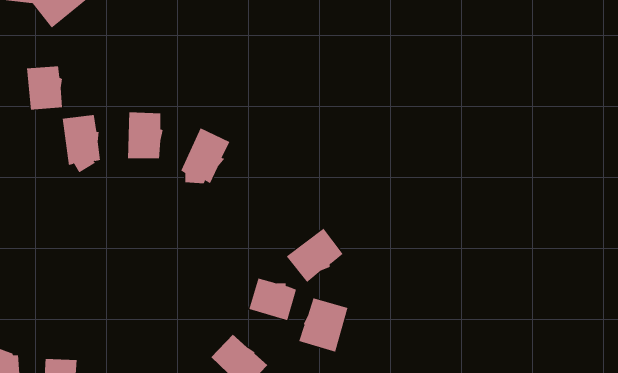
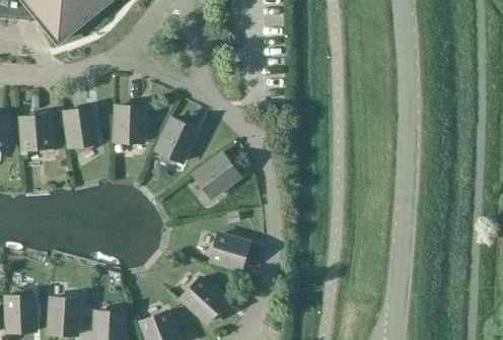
building: [26,66,63,110] -> [21,115,50,149]
building: [286,228,343,283] -> [194,154,238,197]
building: [299,297,348,352] -> none

